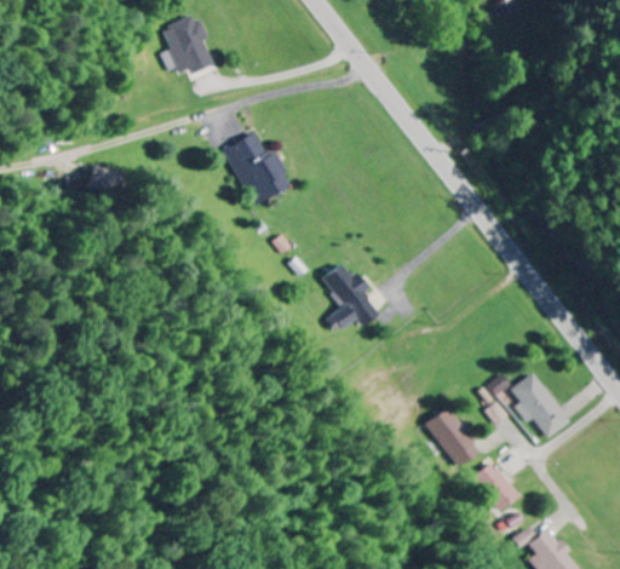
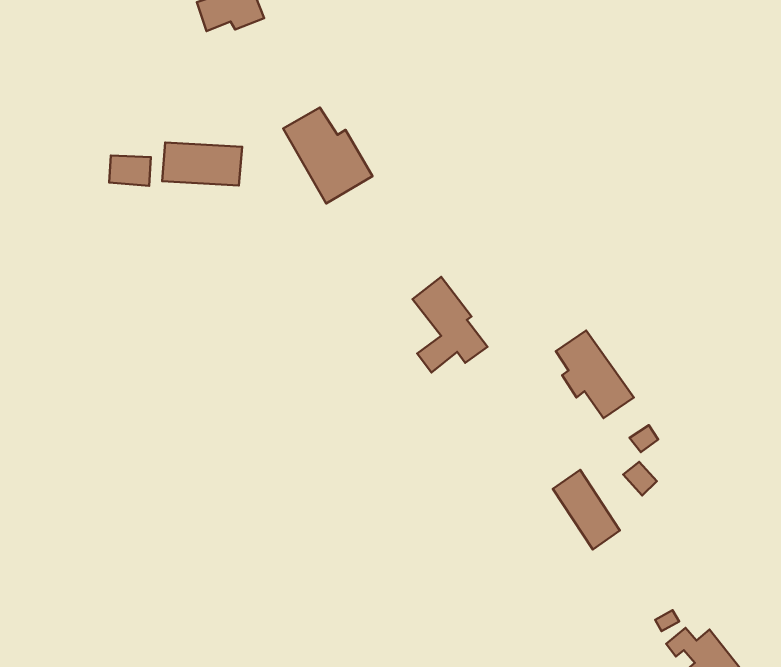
building: none -> [162,143,242,185]
building: [509,372,568,438] -> [556,330,634,418]
building: [473,461,521,511] -> none

